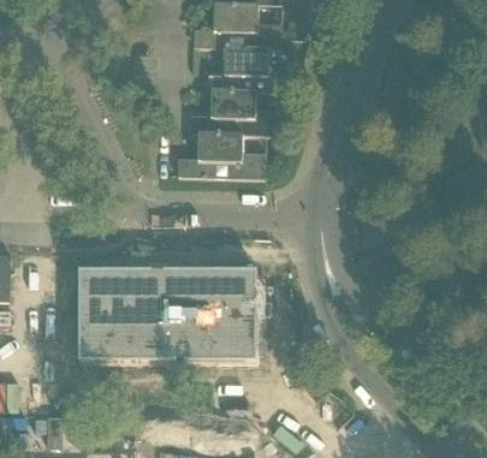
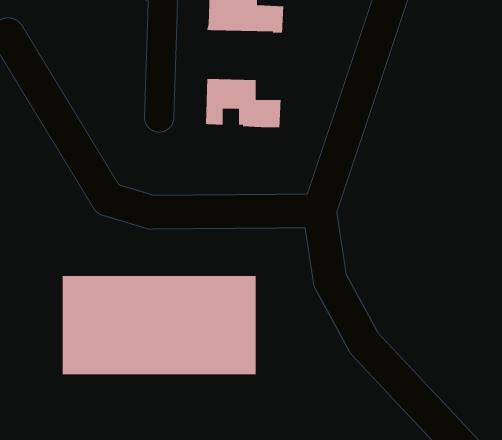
building: [198,43,295,90] -> none
building: [179,130,268,176] -> none

